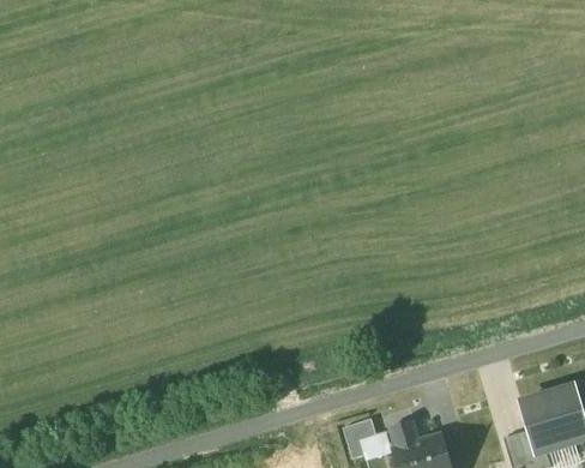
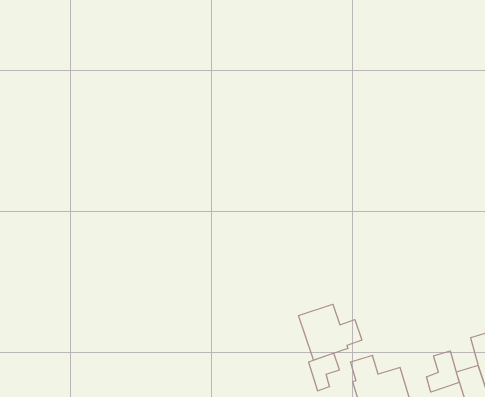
building: none -> [299,304,362,360]
building: none -> [427,351,459,392]

